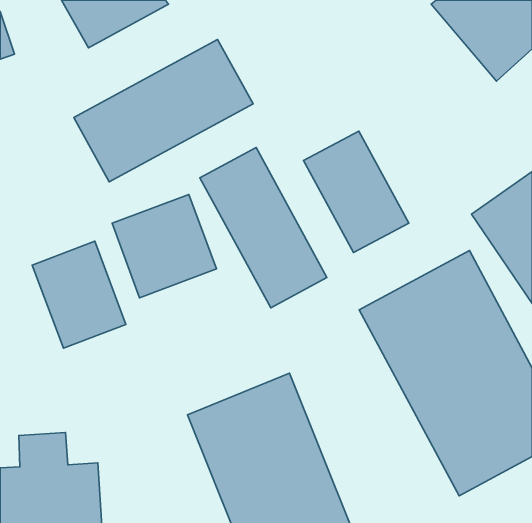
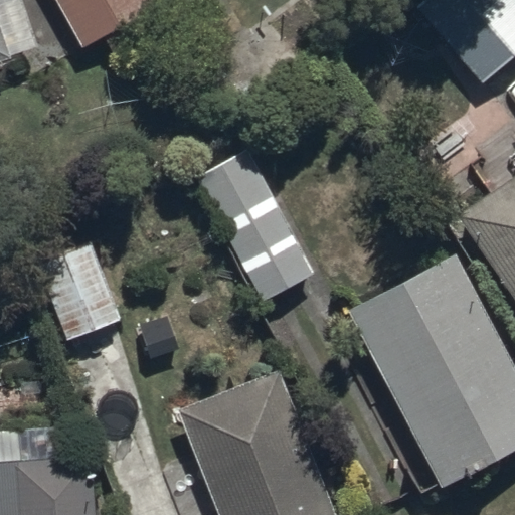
building: [74,39,253,182] -> none
building: [303,131,409,252] -> none
building: [112,194,216,298] -> none

